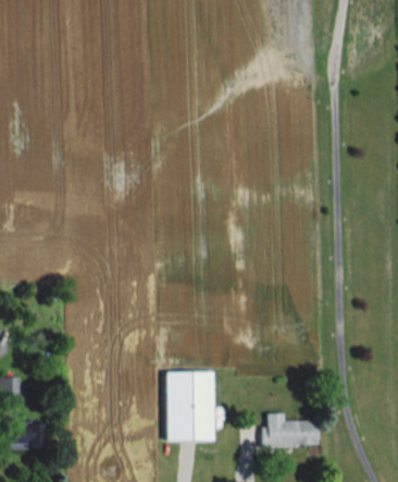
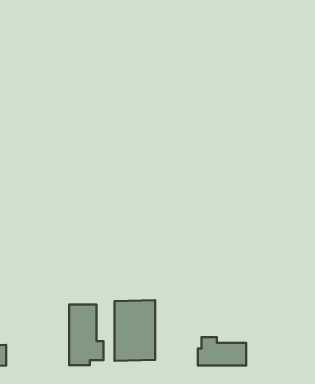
building: none -> [69,304,103,365]

